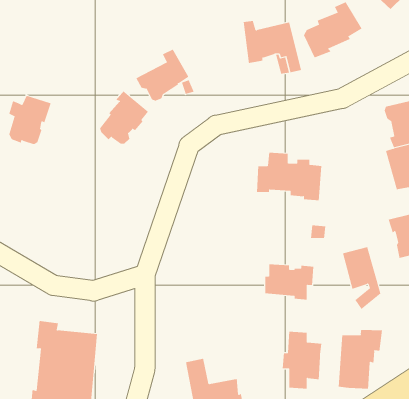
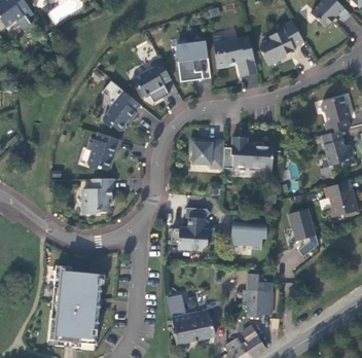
building: none -> [177,42,208,81]
building: [9,95,52,145] -> [87,134,120,172]
building: none -> [189,139,224,169]
building: none -> [82,179,113,214]
building: none -> [171,208,211,251]
building: [338,329,383,389] -> none

